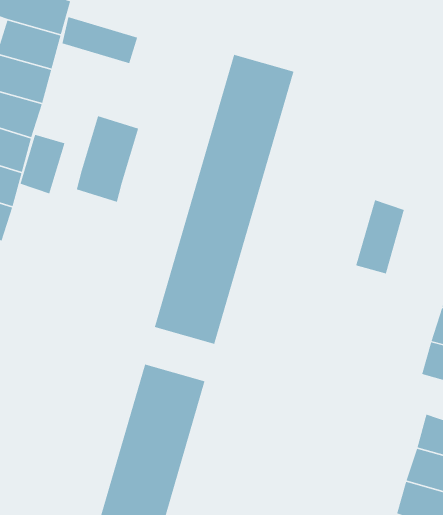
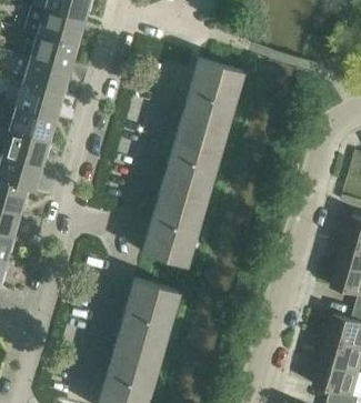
building: [61,16,138,64] -> none
building: [76,115,139,203] -> none
building: [19,134,65,194] -> none
building: [355,199,405,275] -> none

